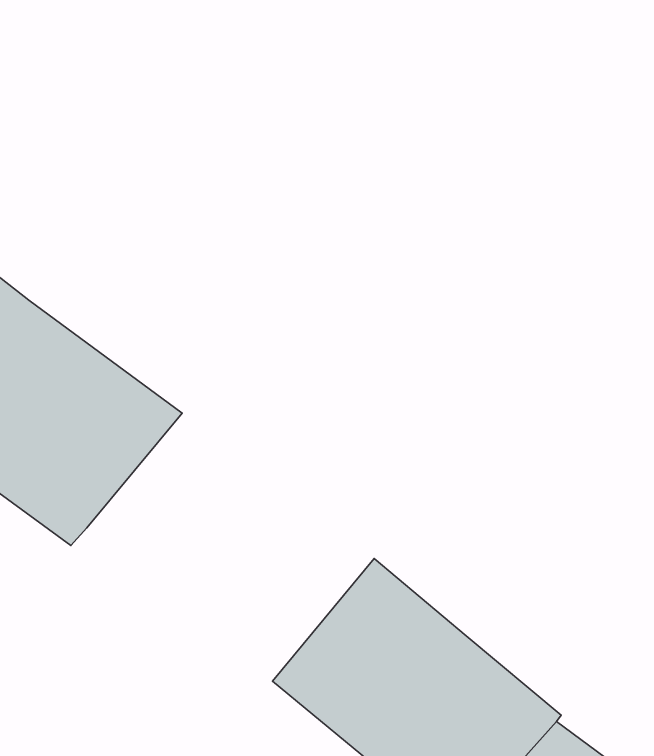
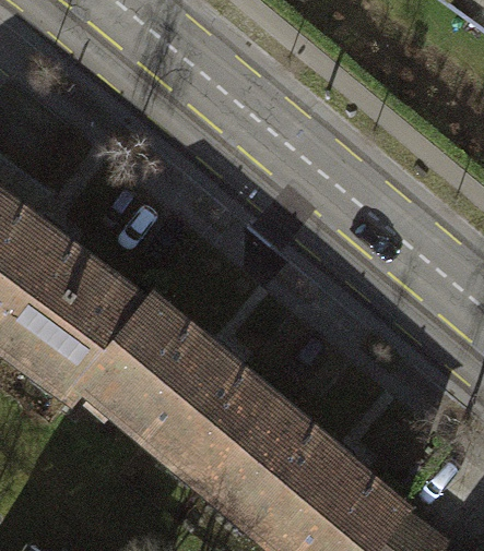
building: none -> [84,296,279,482]

